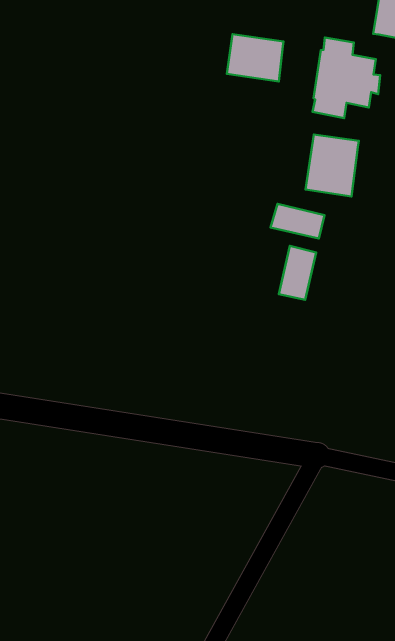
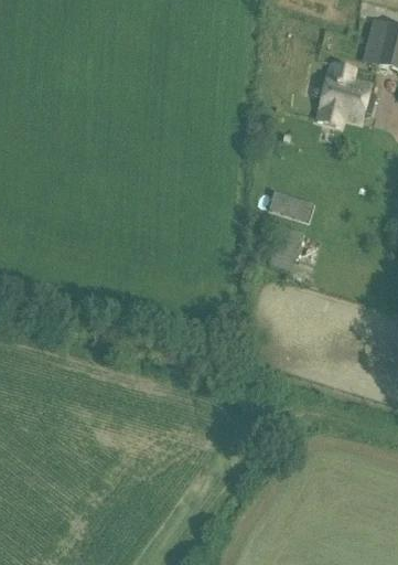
building: [227,34,283,82] -> none
building: [306,135,359,196] -> none

